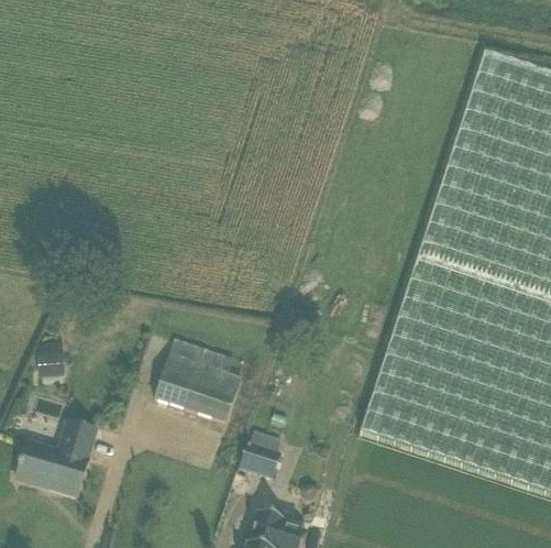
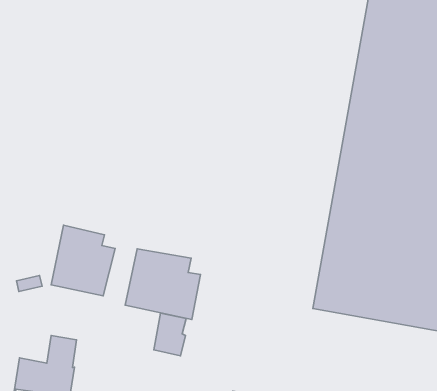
building: none -> [51,225,115,296]
building: [241,428,282,479] -> [154,313,186,356]

